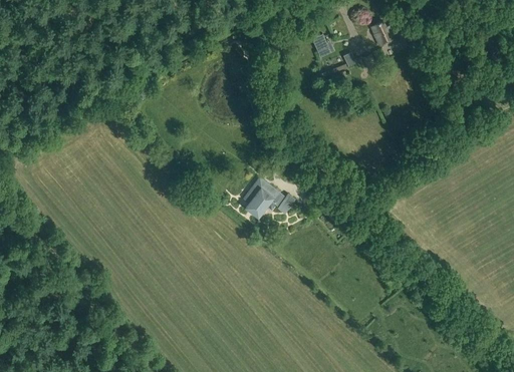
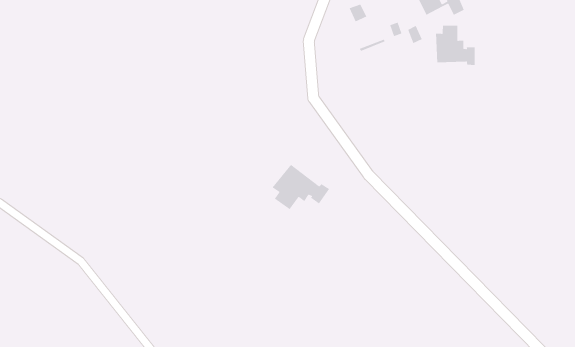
building: none -> [435,25,475,66]

